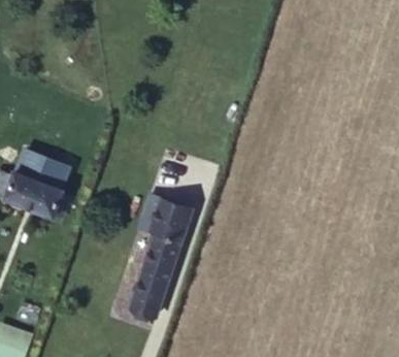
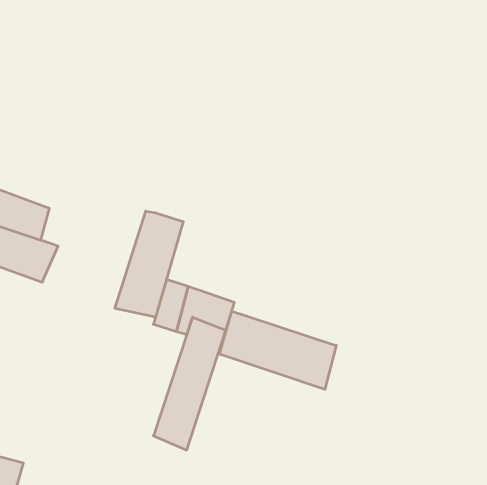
building: none -> [115,211,183,317]
building: none -> [219,311,336,389]

